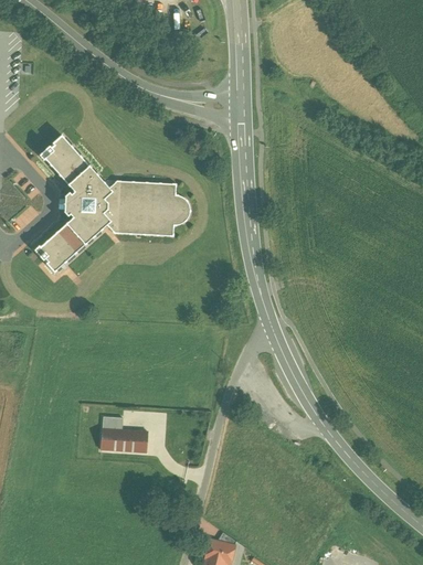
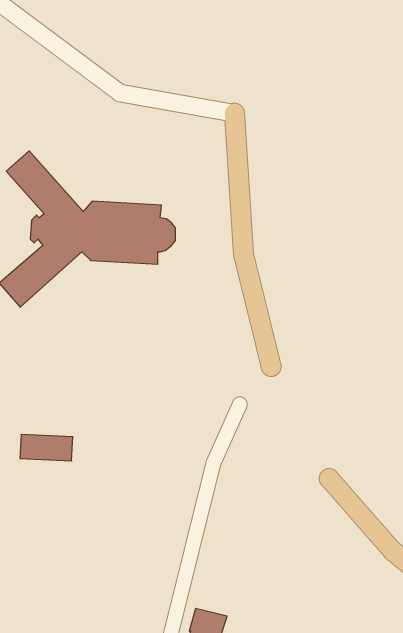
building: [102,427,148,450] -> [20,434,73,461]

